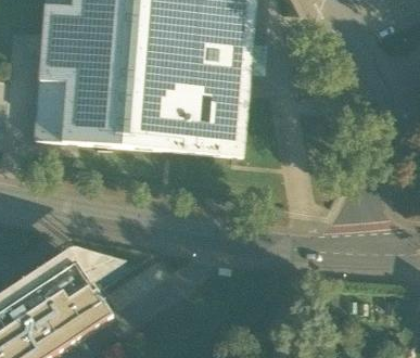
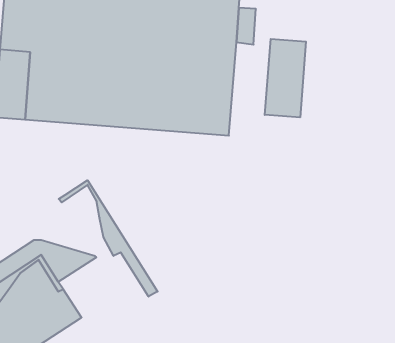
building: none -> [265,39,306,117]
building: none -> [59,180,158,297]

